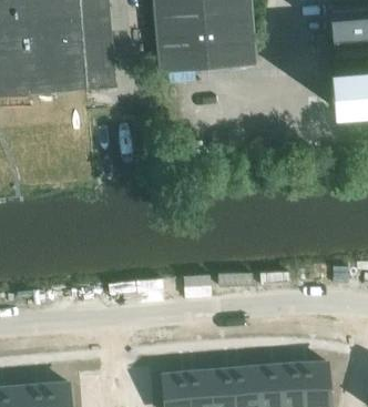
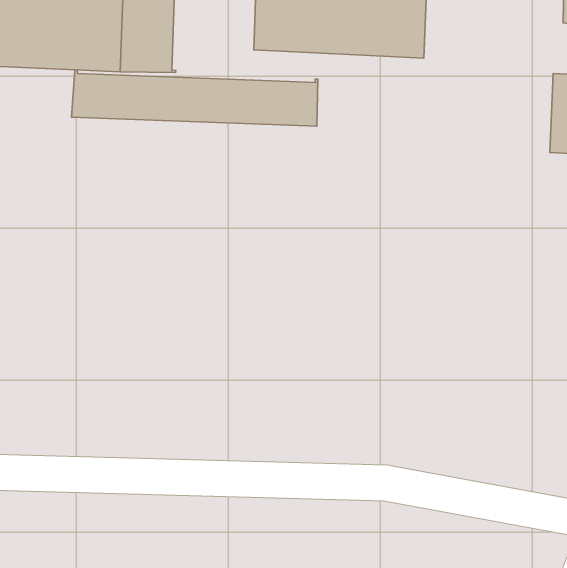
building: none -> [71,70,318,126]

